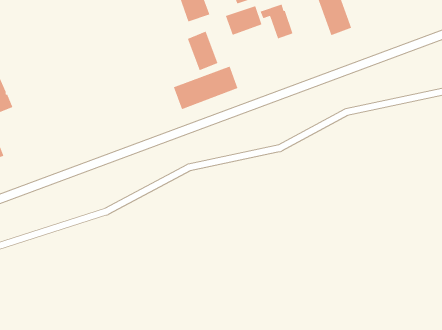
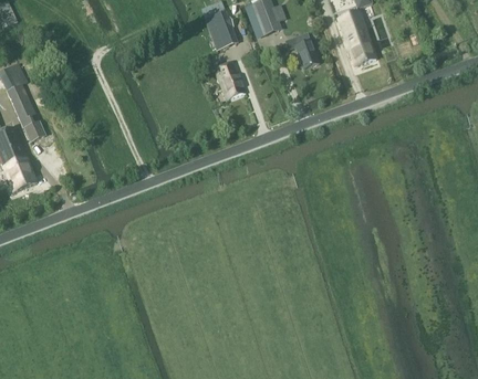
building: [225,5,262,36] -> none
building: [173,65,239,110] -> none

